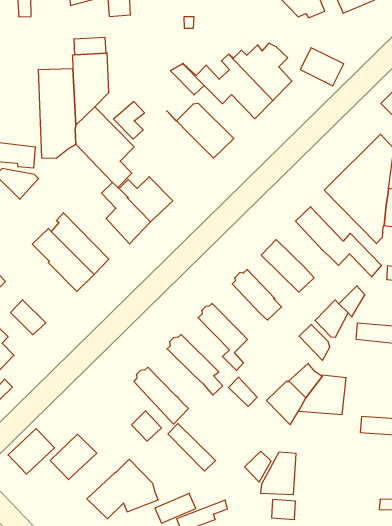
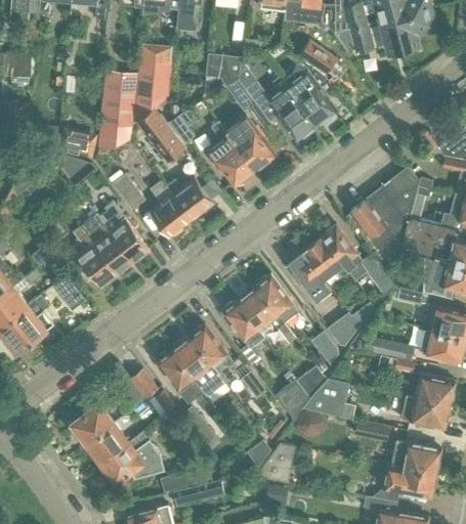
building: none -> [206,53,242,86]
building: [300,48,344,86] -> [297,40,337,77]
building: none -> [210,122,255,185]
building: none -> [113,174,145,210]
building: none -> [302,236,348,279]
building: none -> [74,226,116,287]
building: none -> [237,286,285,331]
building: none -> [171,337,225,397]
building: none -> [129,369,158,406]
building: none -> [295,409,324,438]
building: [8,429,55,474] -> [86,423,129,463]

